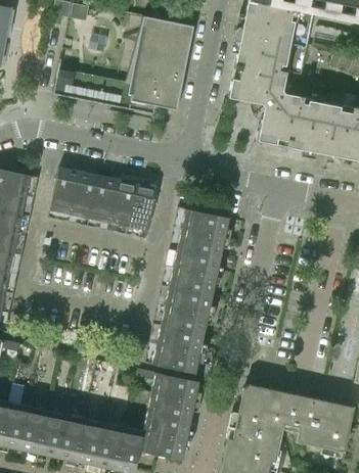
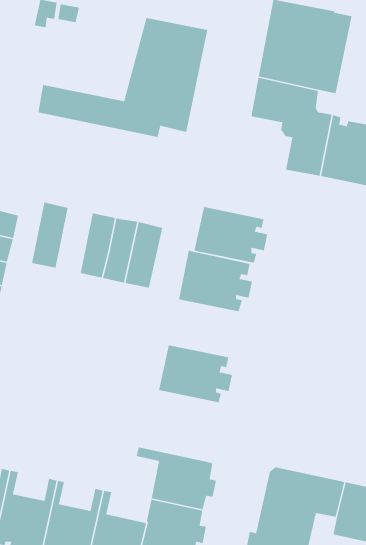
building: [70,173,99,227] -> none
building: [162,248,223,295] -> [194,206,268,264]
building: [145,323,207,373] -> none

